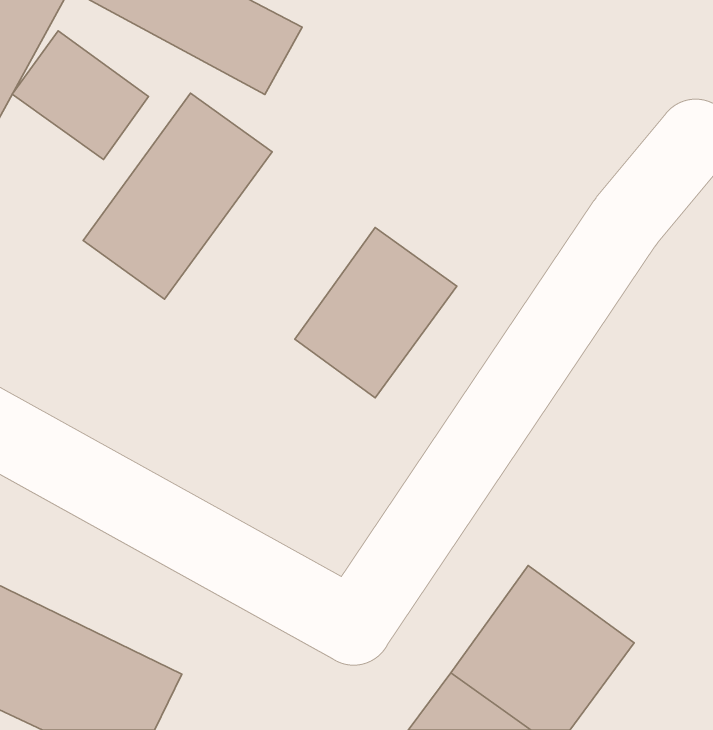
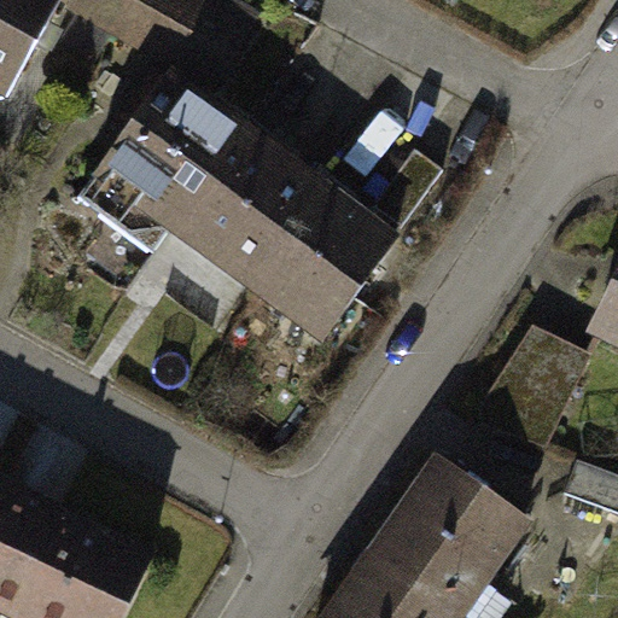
building: [12,31,149,160] -> none
building: none -> [162,128,316,285]
building: none -> [480,340,579,451]

